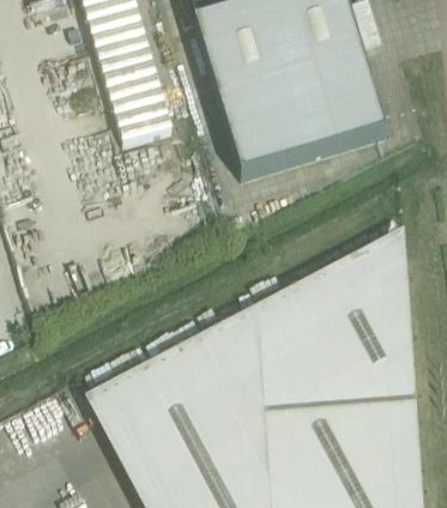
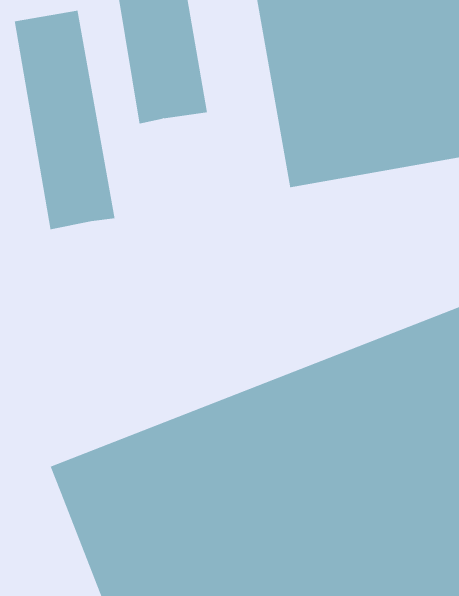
building: none -> [14,10,115,230]

